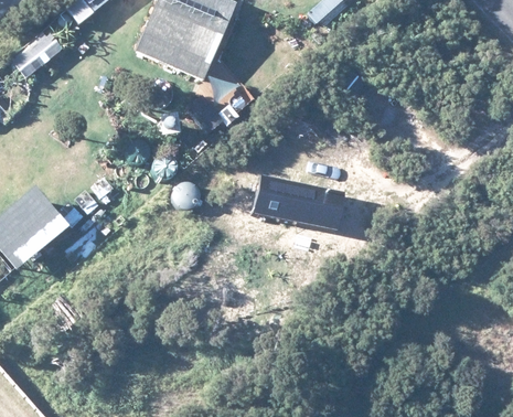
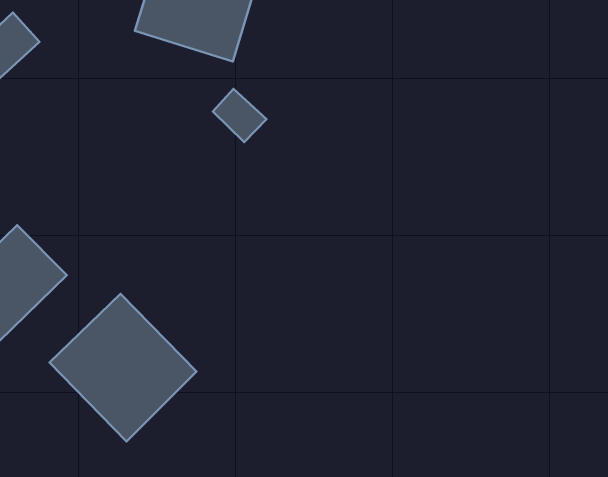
building: none -> [50,294,197,442]

